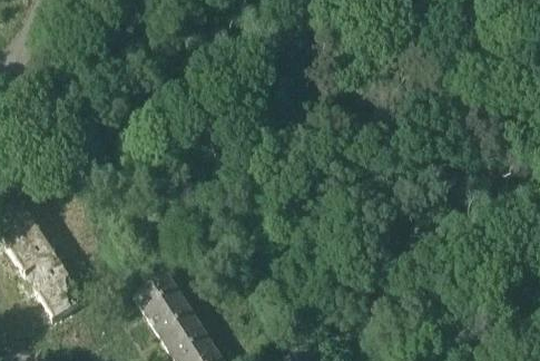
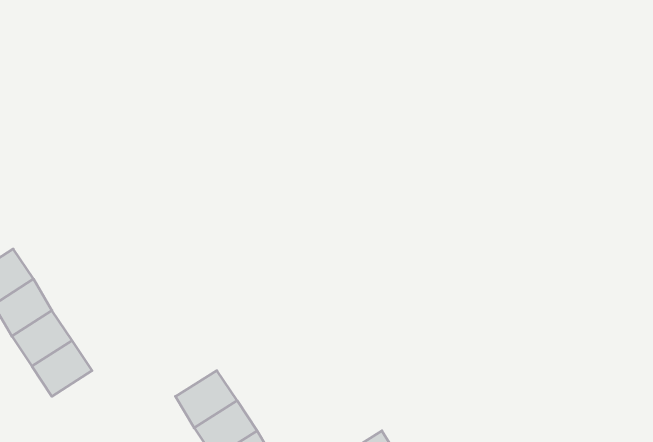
building: [134,272,181,316] -> none

